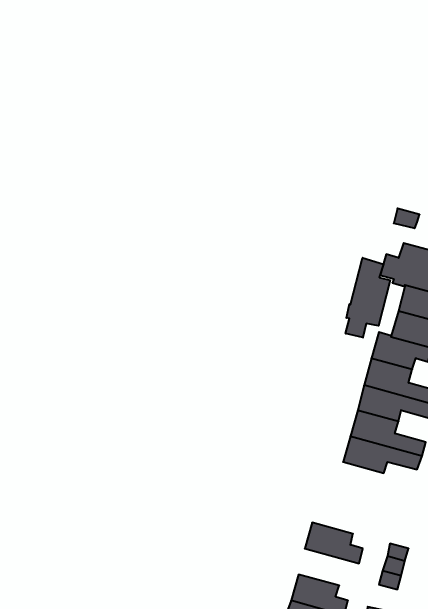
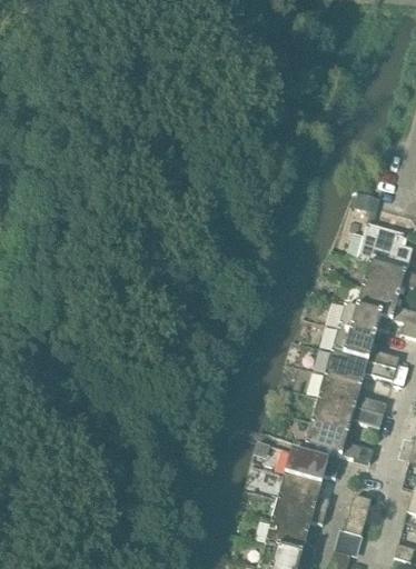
building: [346,258,390,338] -> none
building: none -> [305,420,373,461]
building: none -> [284,450,339,485]
building: none -> [271,498,326,531]

